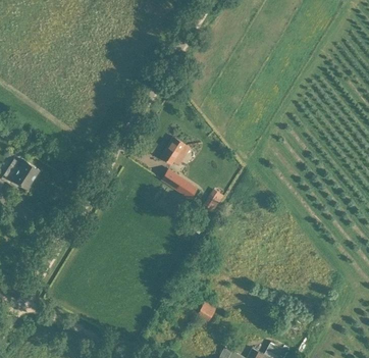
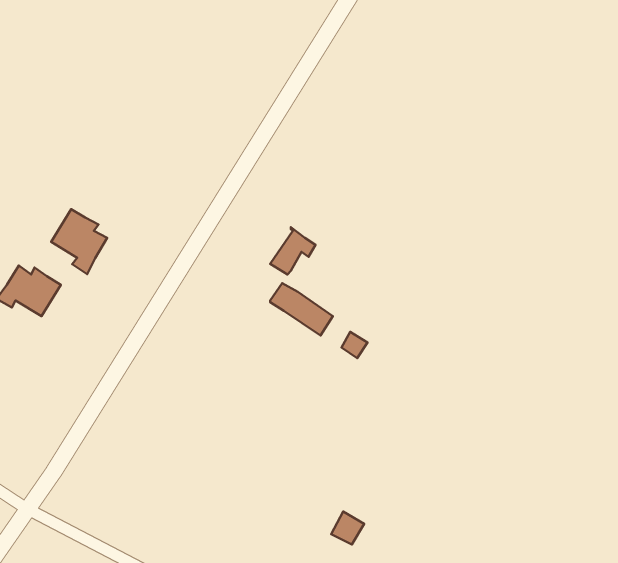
building: none -> [51,209,107,274]

